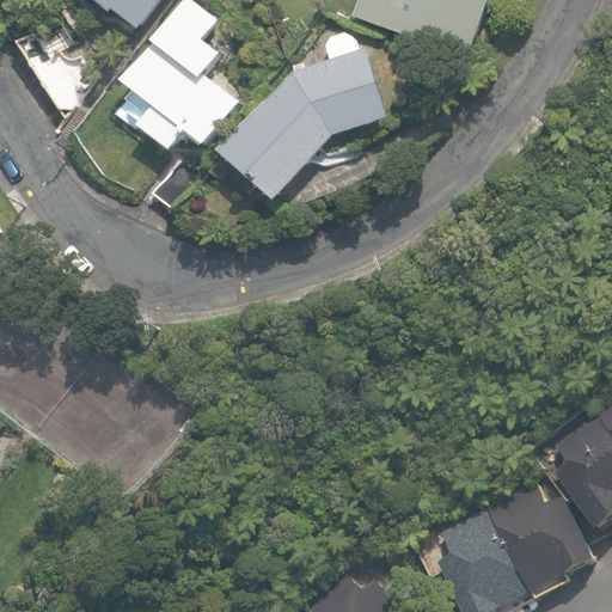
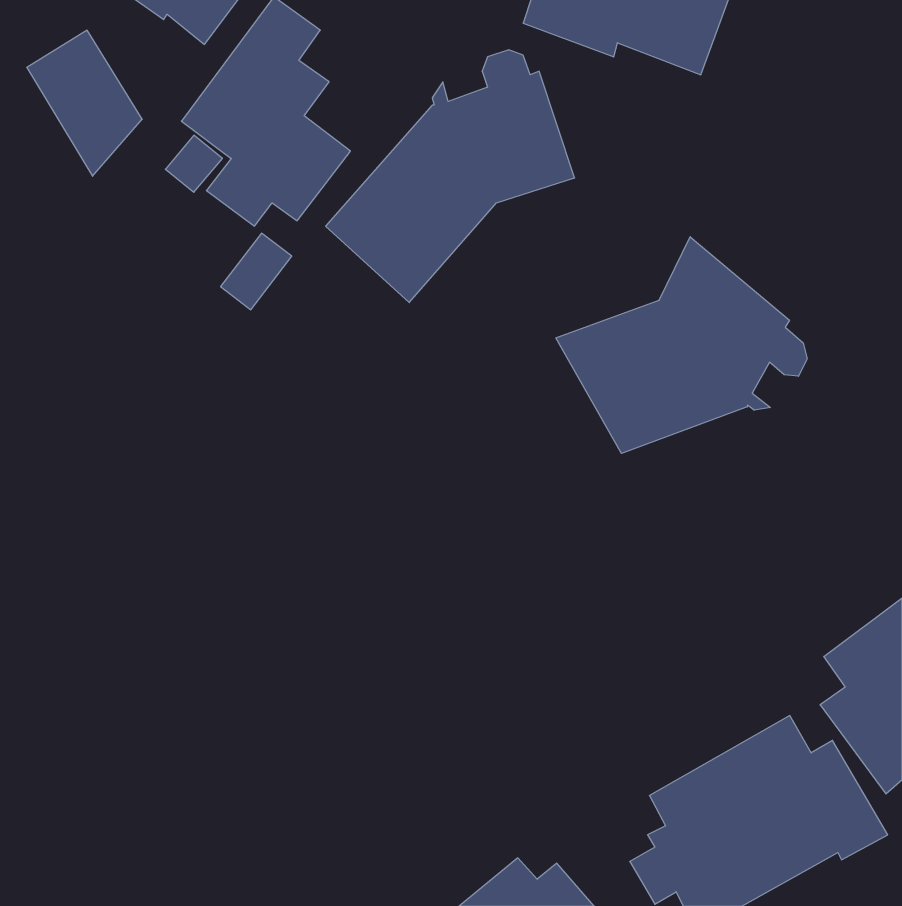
building: none -> [556,237,807,453]

